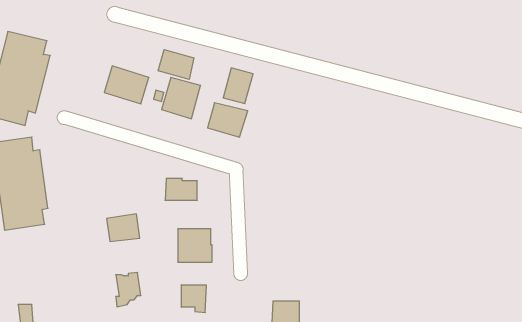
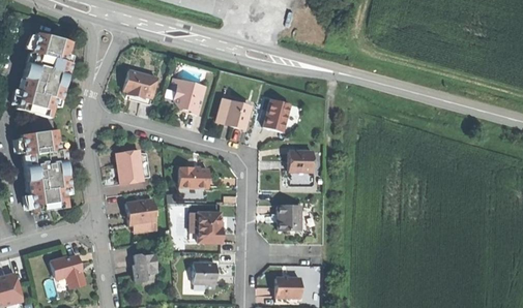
building: [158,50,194,79] -> none
building: [223,68,253,104] -> [263,100,290,132]
building: none -> [117,148,146,183]
building: none -> [287,151,311,172]
building: none -> [277,206,298,230]
building: none -> [49,255,83,287]

